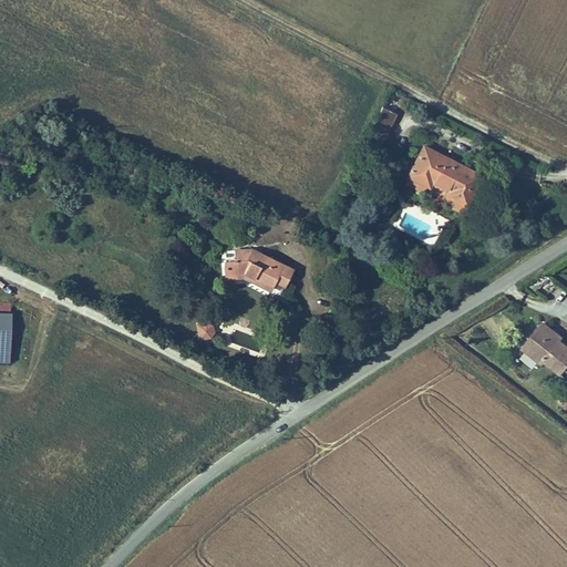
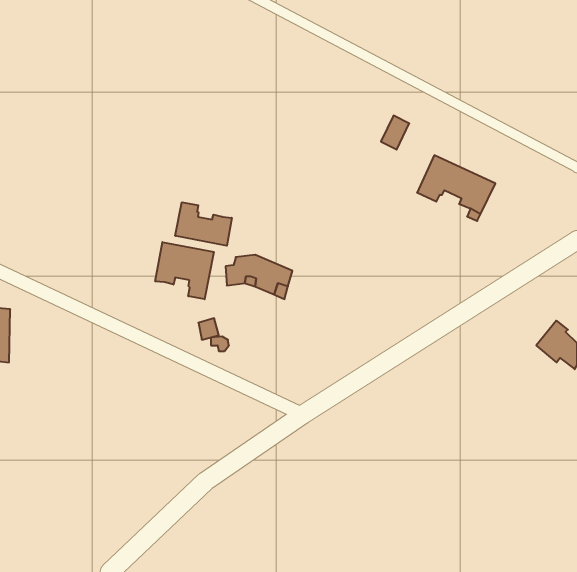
building: none -> [175,202,232,246]
building: none -> [155,242,214,299]

